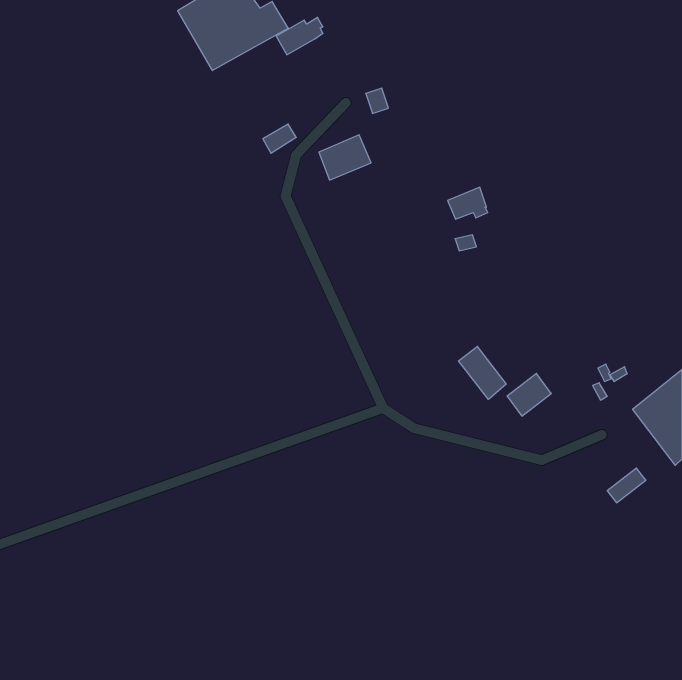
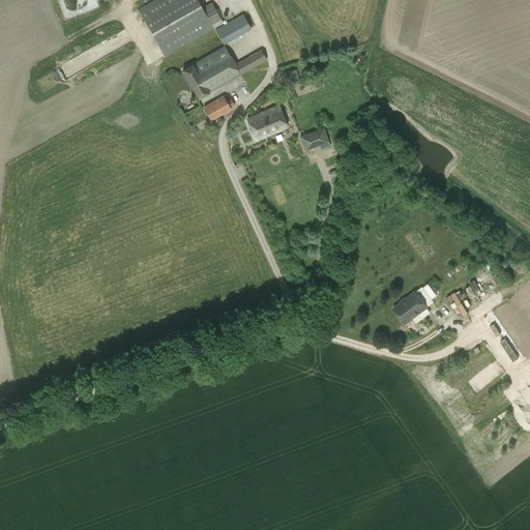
building: none -> [182,47,267,98]
building: [448,187,488,219] -> [299,125,330,150]
building: [458,346,506,399] -> none

